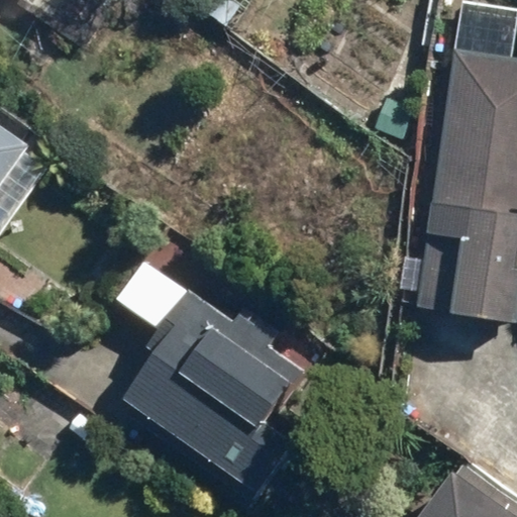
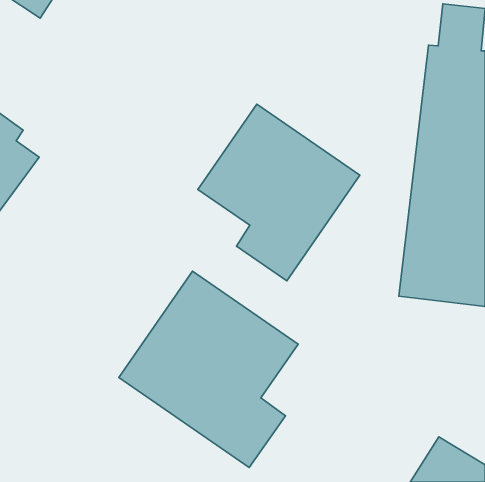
building: none -> [198,104,360,281]

